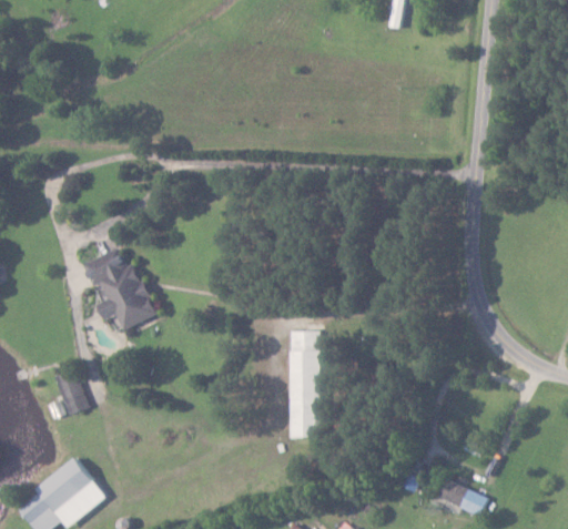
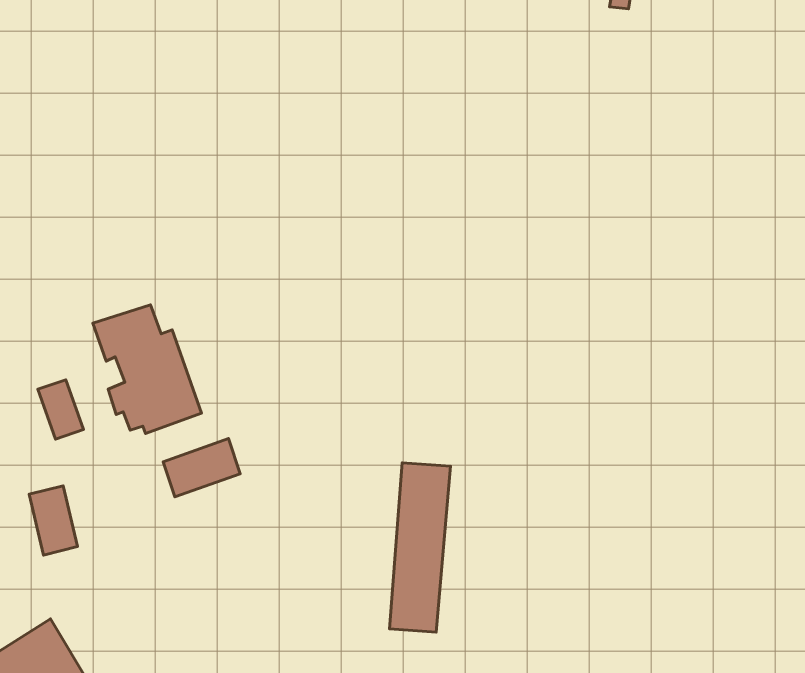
building: none -> [38,380,83,439]
building: none -> [163,439,240,497]

